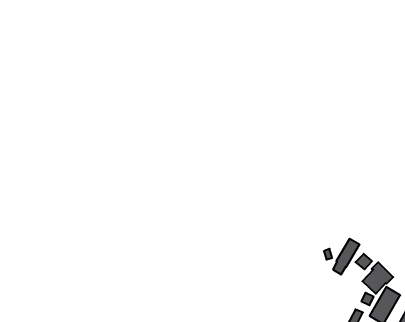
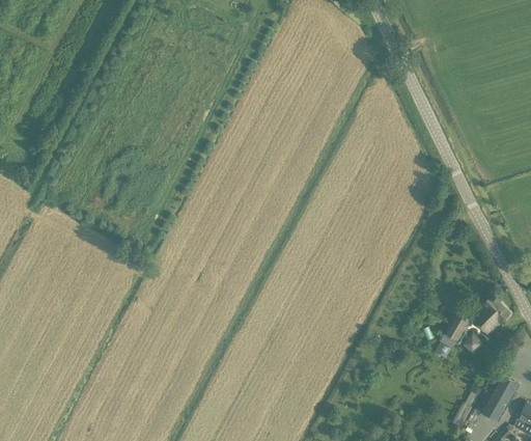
building: [362,262,393,294] -> [472,295,510,334]

